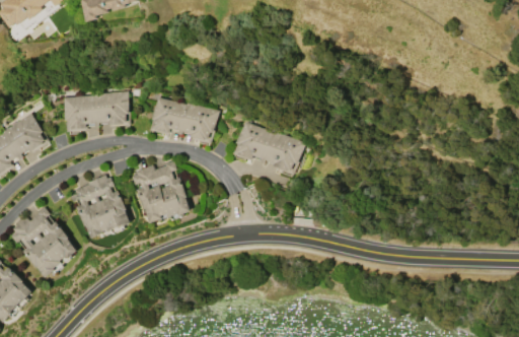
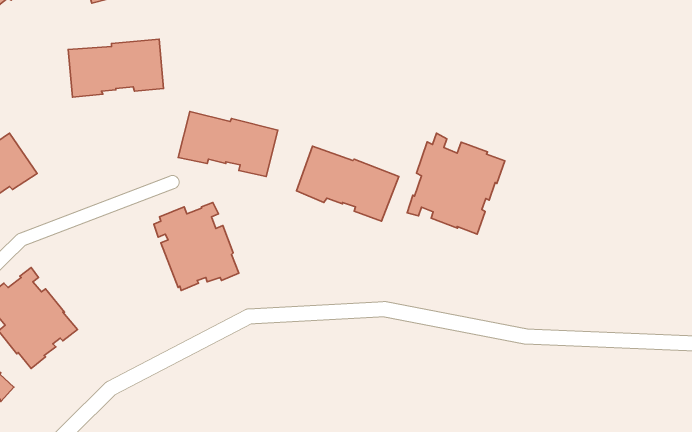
building: [62,90,129,131] -> [68,39,163,97]
building: none -> [407,133,505,234]
building: [70,175,130,239] -> none

